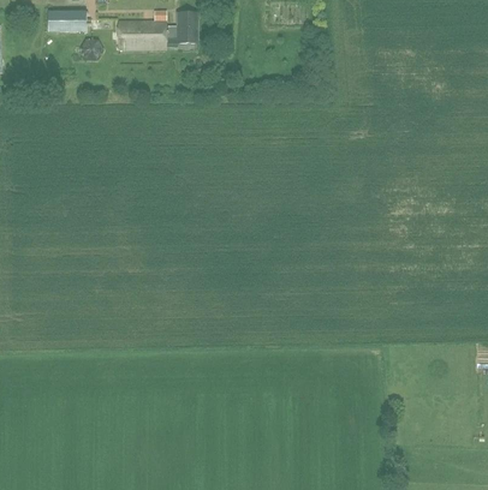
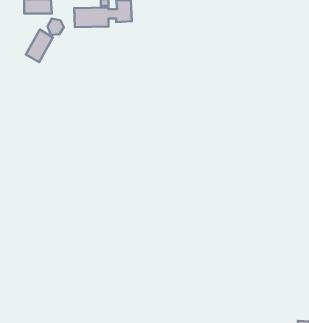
building: none -> [26,29,53,62]

